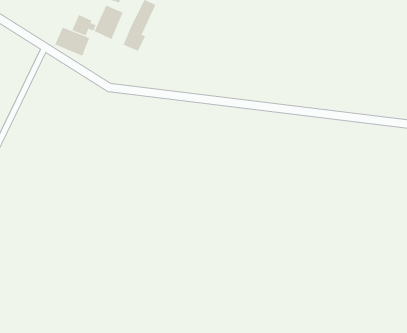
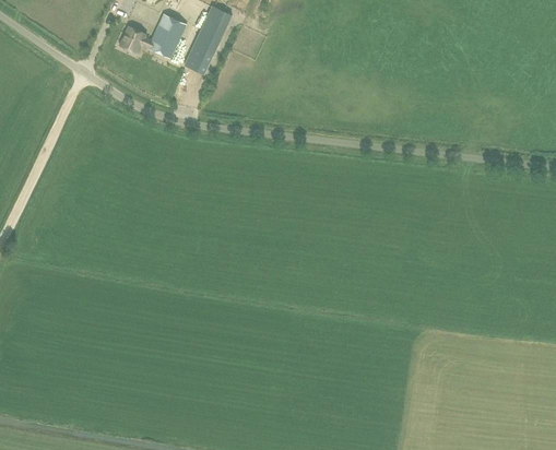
building: [55,27,90,57] -> none

